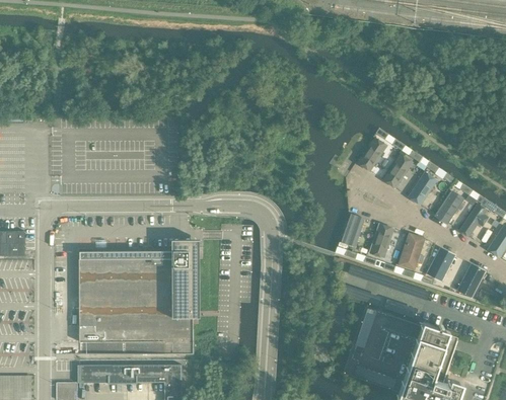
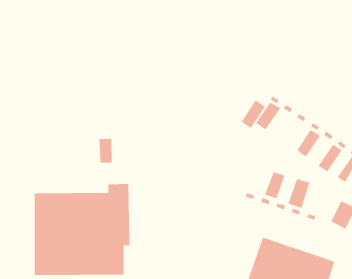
building: [383,153,415,189] -> [241,100,266,129]
building: none -> [99,138,112,163]
building: [342,215,366,245] -> none
building: [424,246,454,281] -> none

